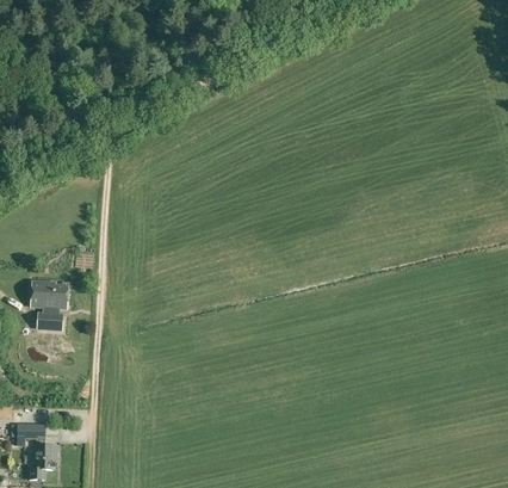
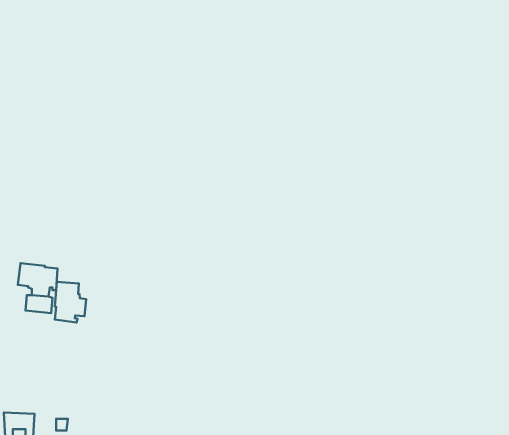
building: none -> [55,282,86,322]

